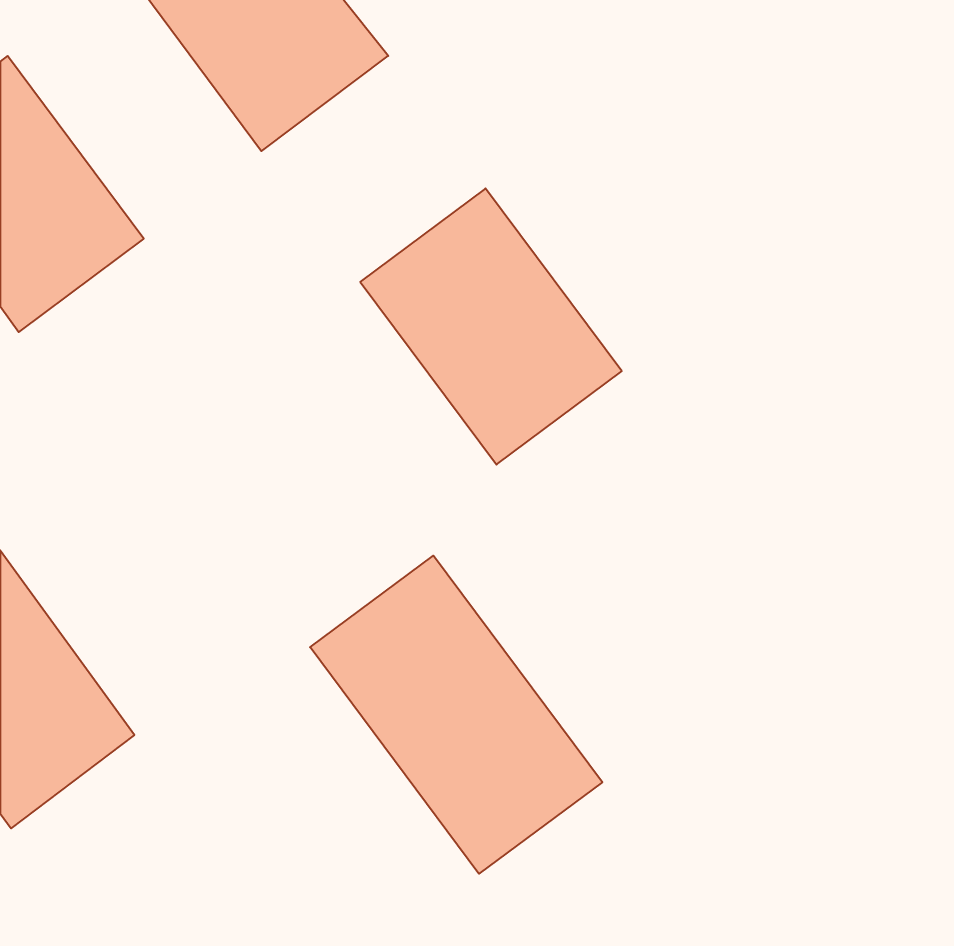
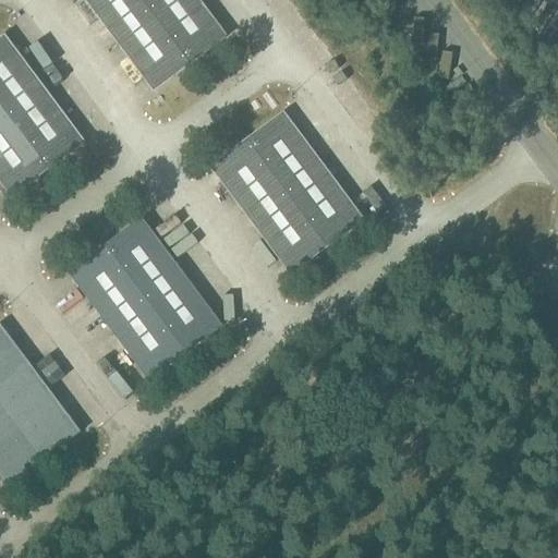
building: none -> [69,217,221,378]
building: [310,556,602,874] -> none

